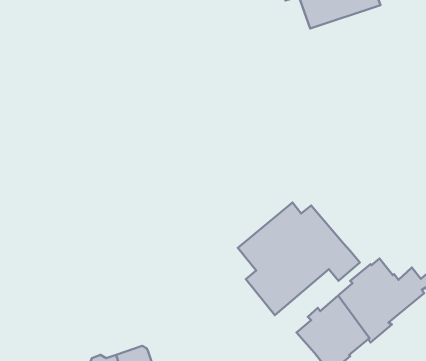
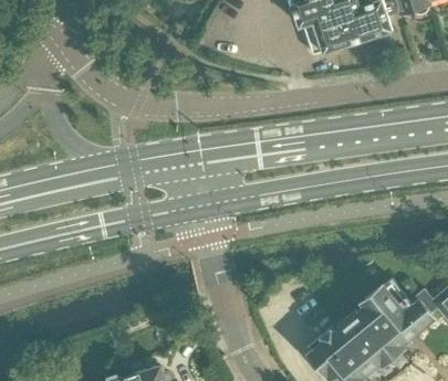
building: [238,202,360,315] -> none

